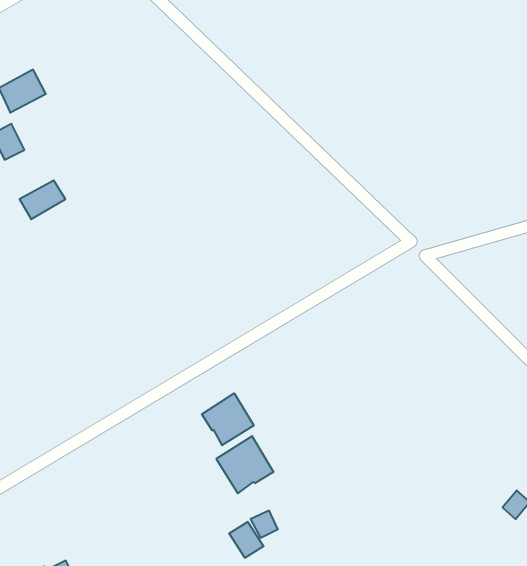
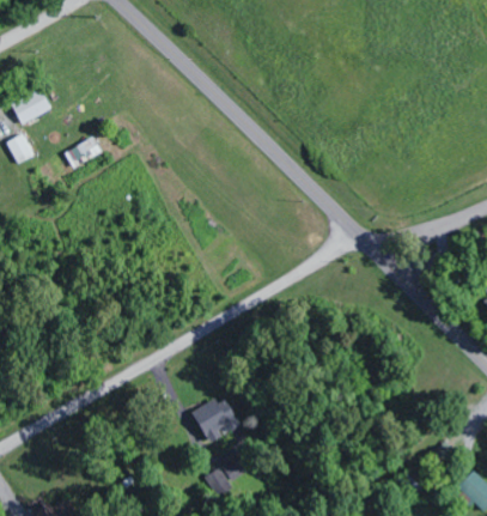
building: [20,181,65,219] -> [65,136,103,169]
building: [202,393,254,445] -> none

